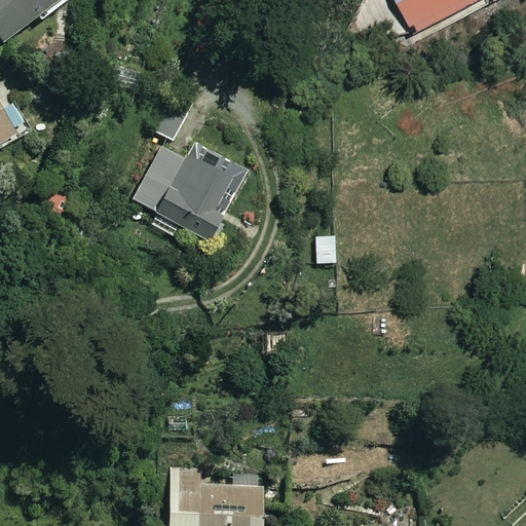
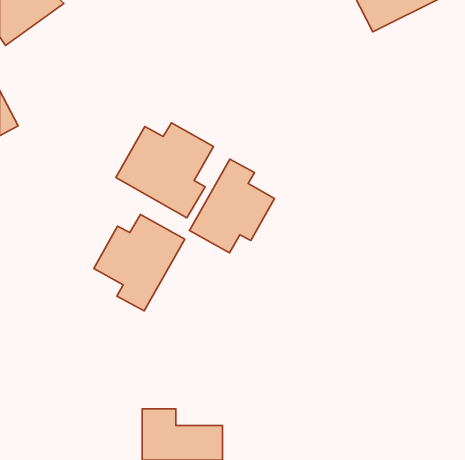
building: none -> [189,159,275,253]
building: none -> [94,214,185,311]

